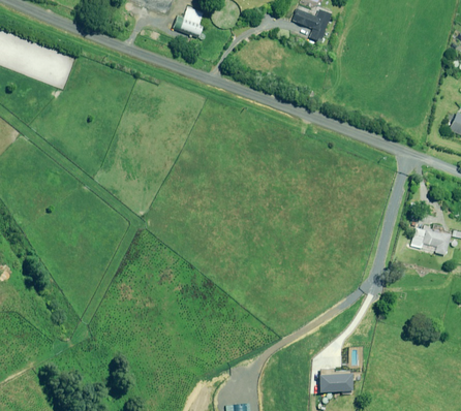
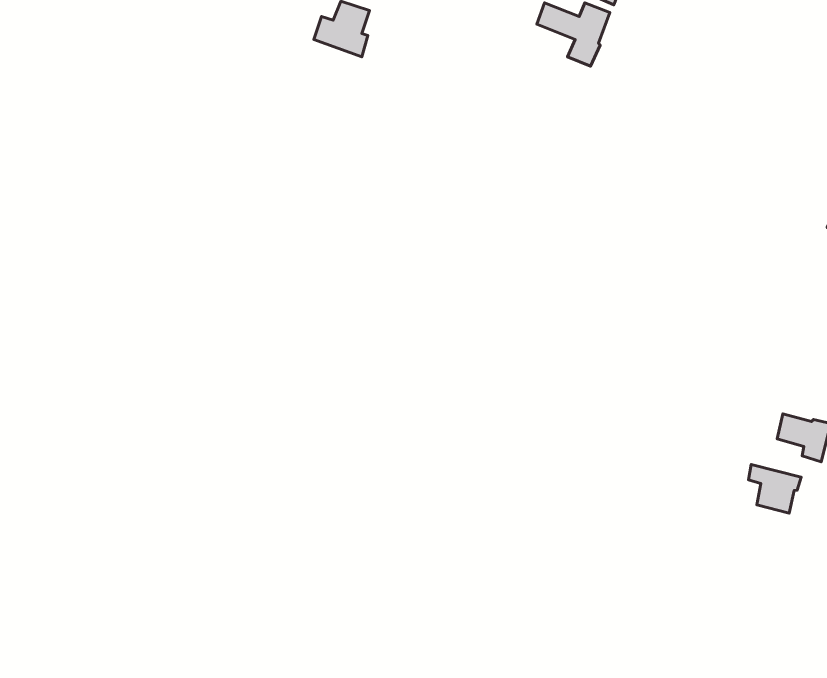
building: none -> [749,465,801,513]

